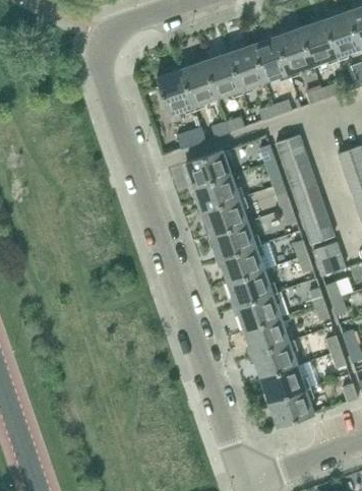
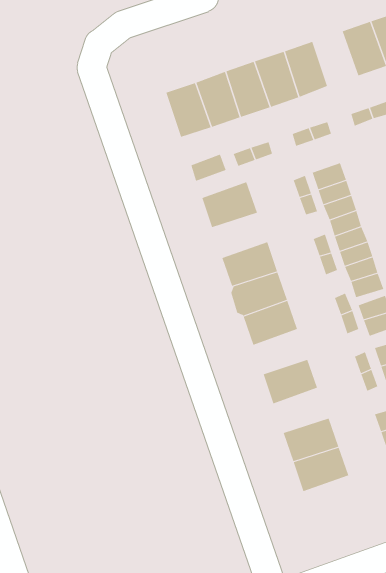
building: [277,27,313,72] -> none
building: [194,175,240,211] -> none
building: [228,269,273,306] -> none
building: [244,317,290,354] -> none
building: [268,388,314,426] -> none

